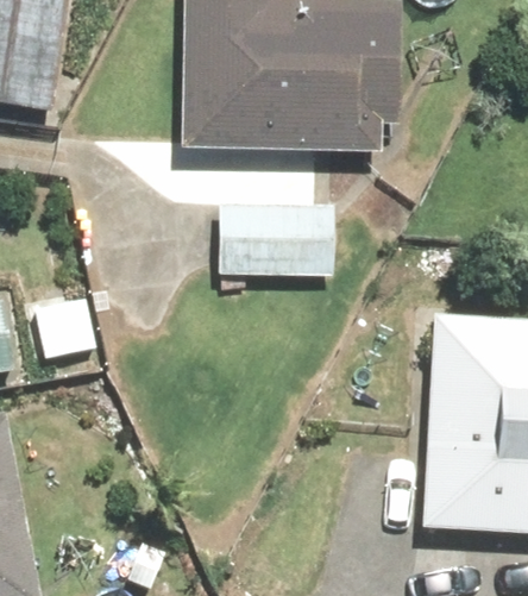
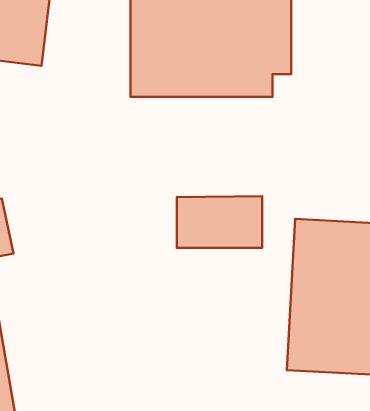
building: [224,199,344,271] -> [177,196,262,248]

